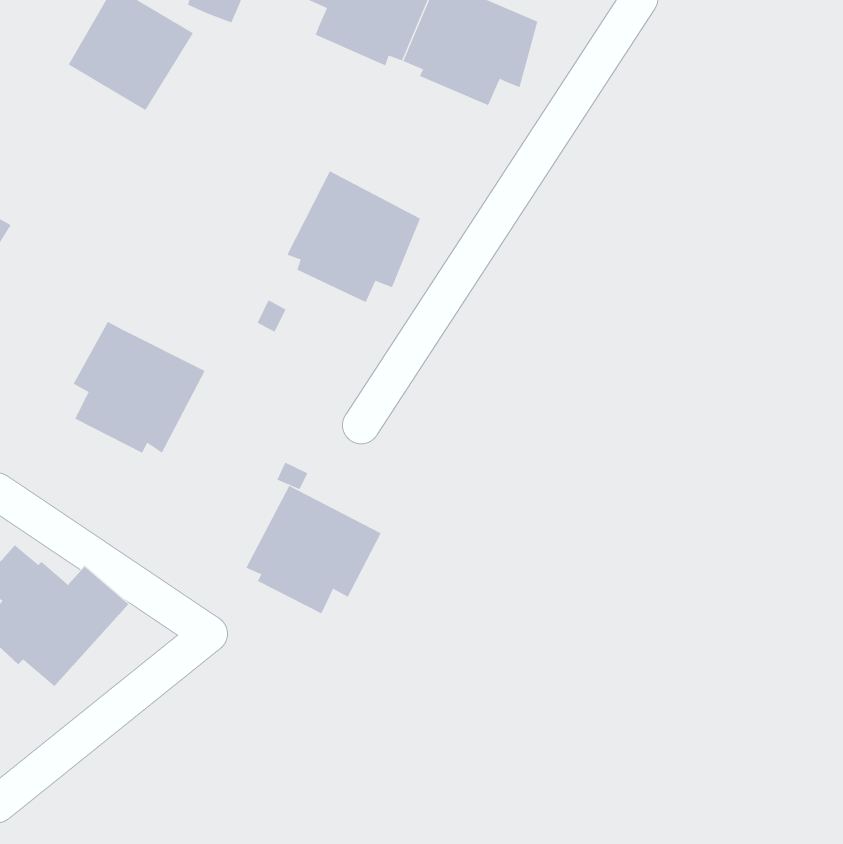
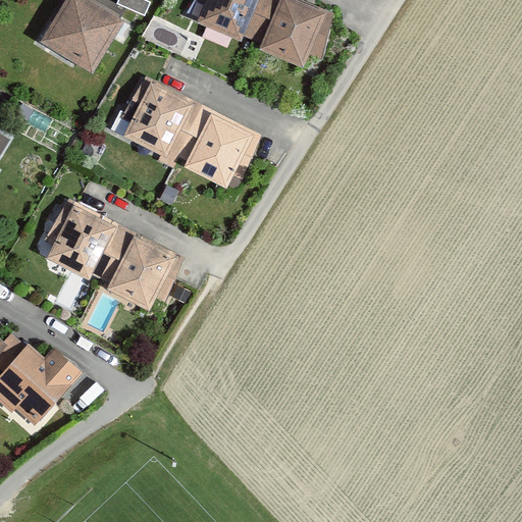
building: none -> [120,76,203,167]
building: [246,485,381,614] -> [100,228,184,308]

